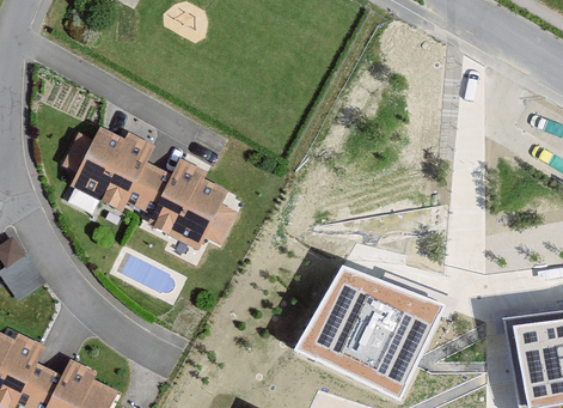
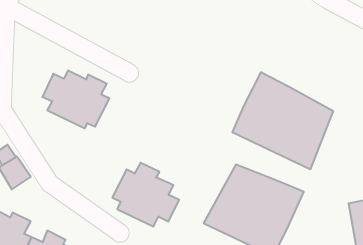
building: none -> [232,72,333,169]
building: [140,160,237,252] -> [112,163,179,226]

